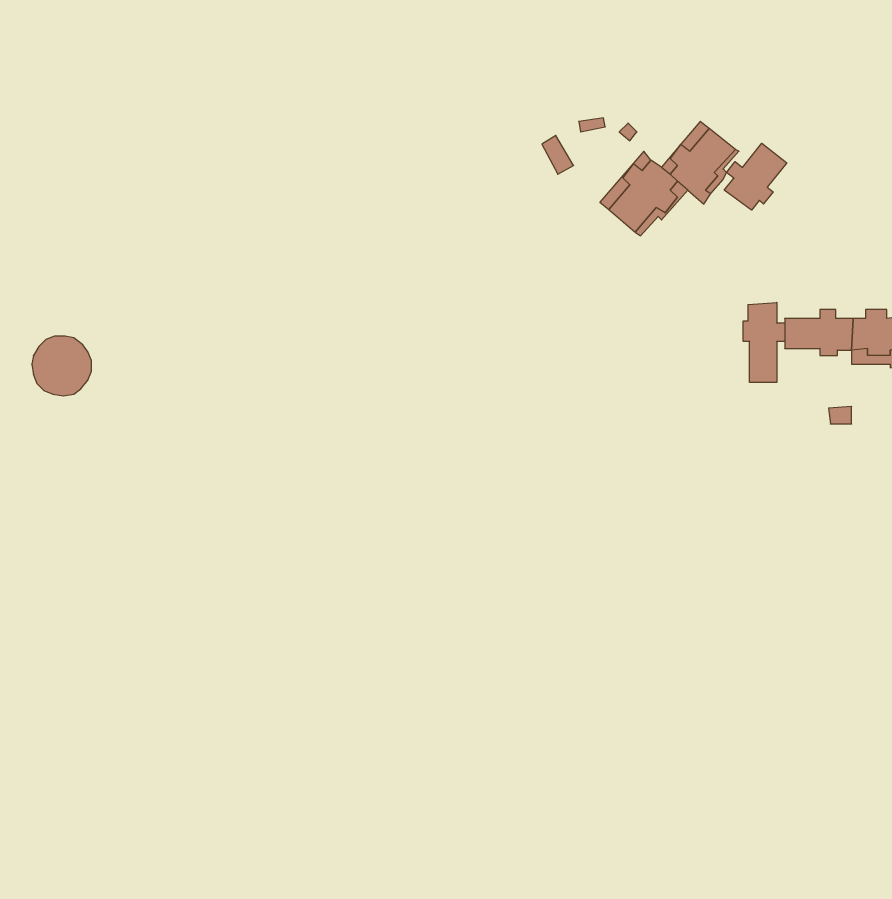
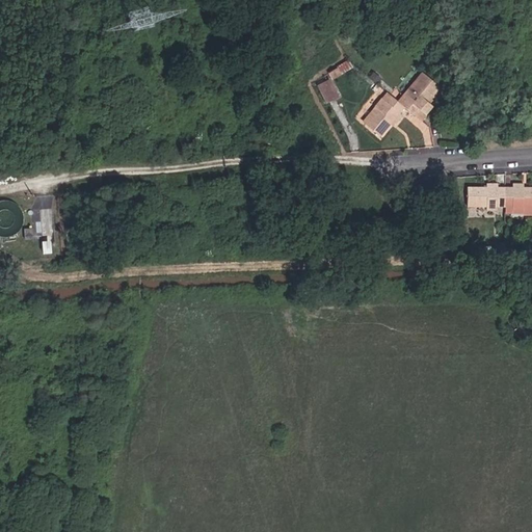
building: [724,143,787,210] -> none
building: [743,302,785,382] -> none

